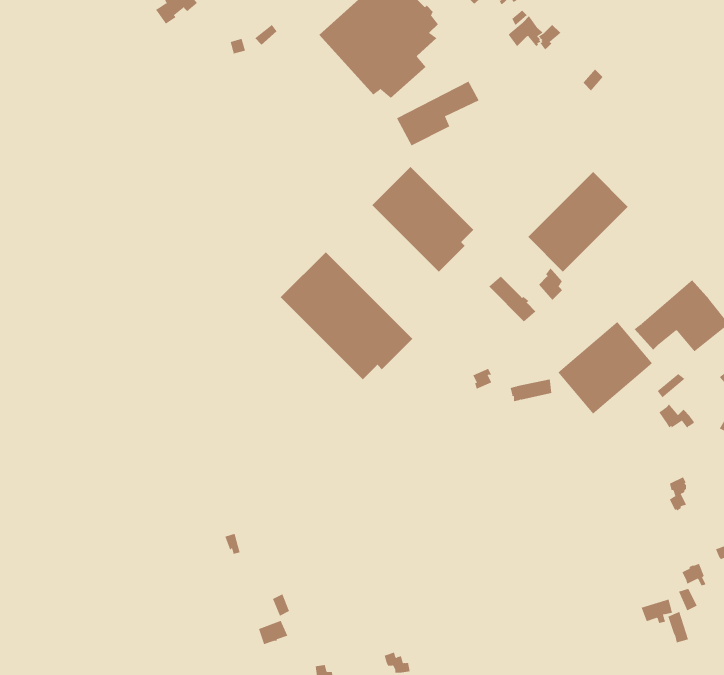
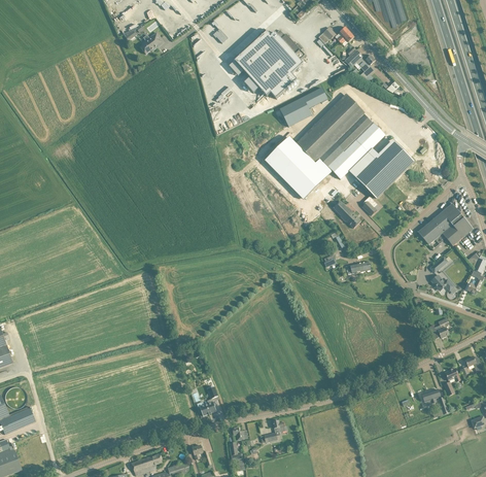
building: none -> [296,94,384,179]
building: [280,251,413,380] -> none
building: [557,321,653,414] -> none

